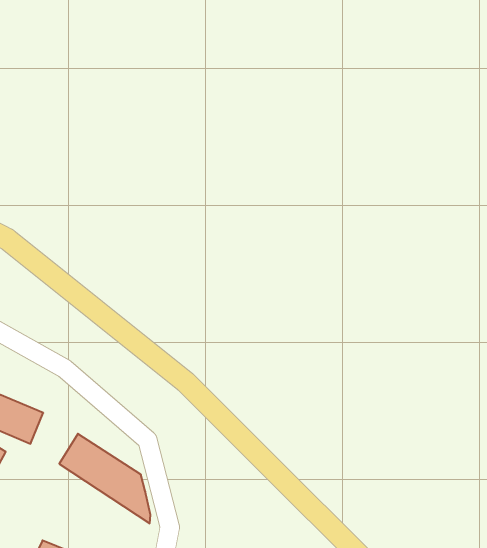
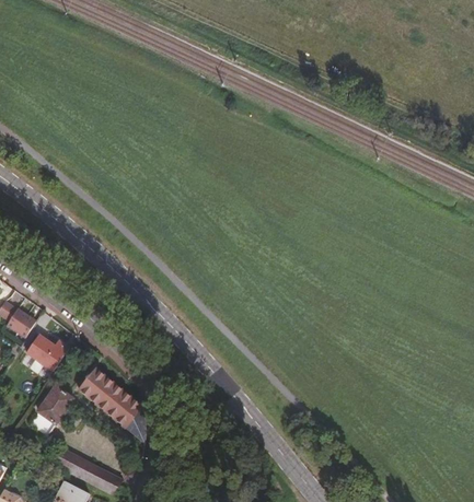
building: none -> [36,386,71,423]

